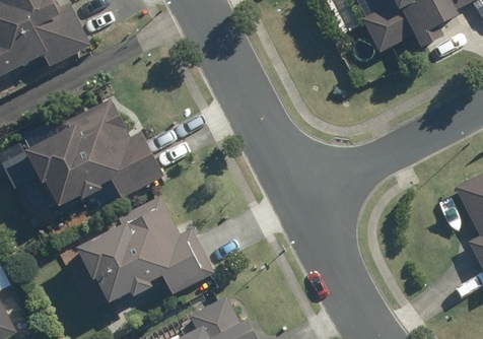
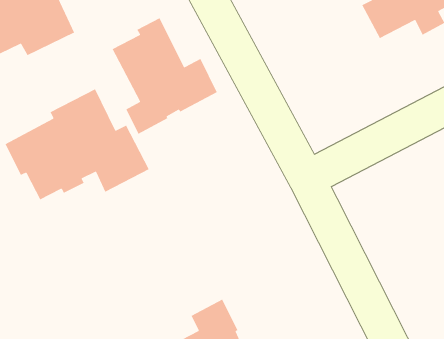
building: none -> [111,17,218,135]
building: [74,196,212,302] -> none

